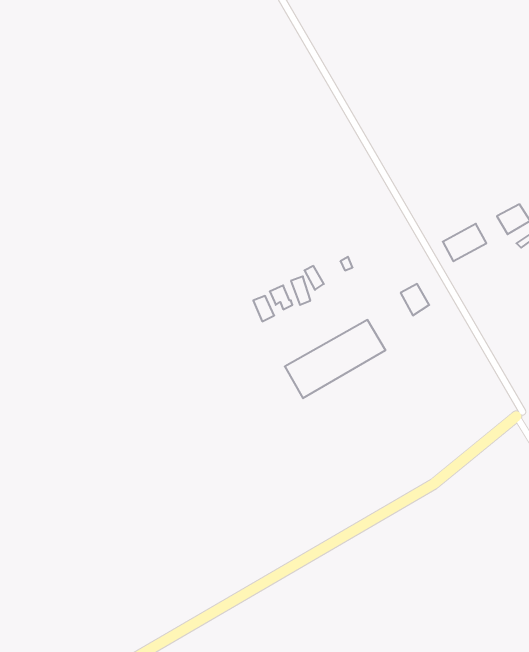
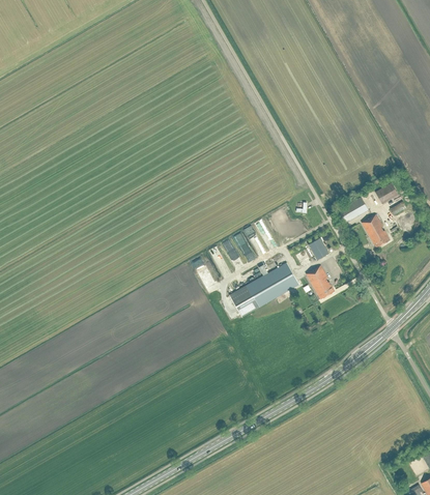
building: none -> [362,213,390,248]
building: none -> [306,265,334,298]

